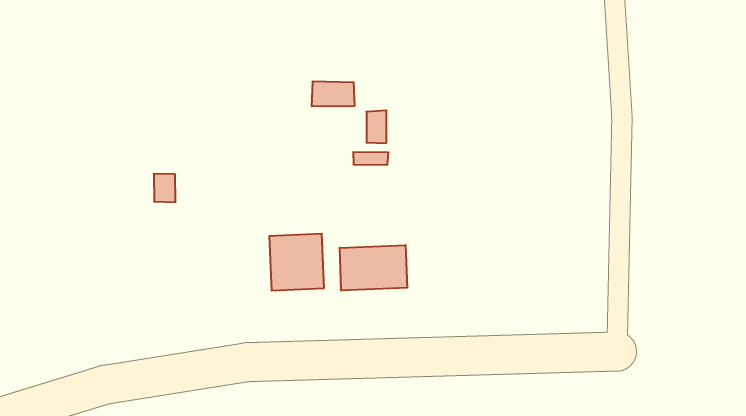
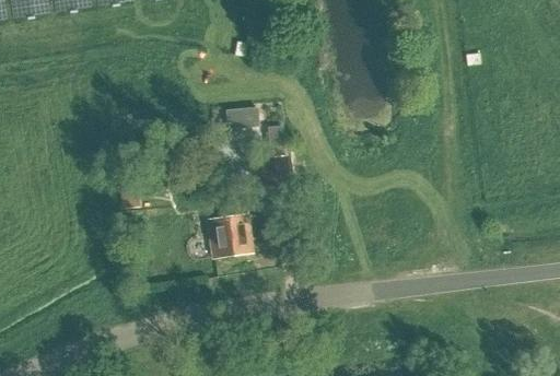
building: [340,245,407,291] -> none

